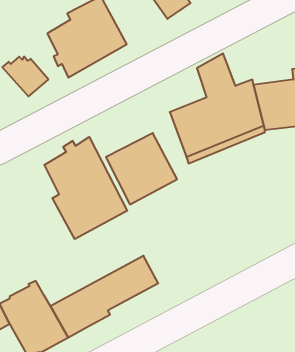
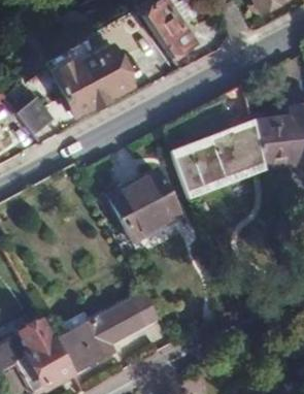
building: [44,137,127,239] -> none

